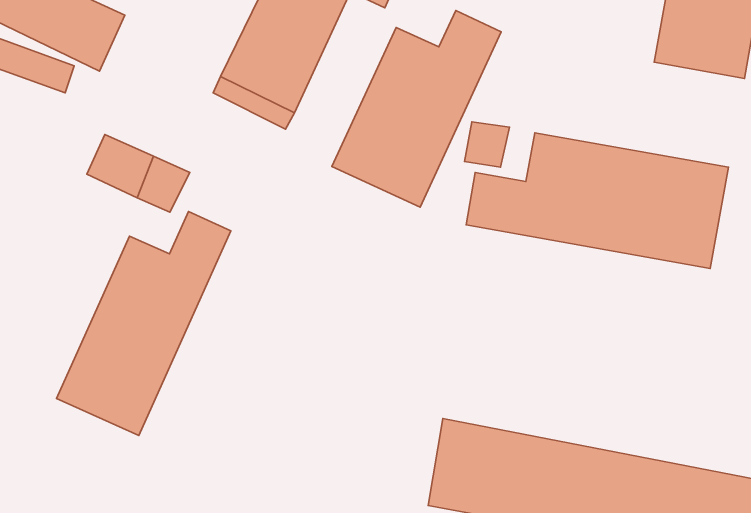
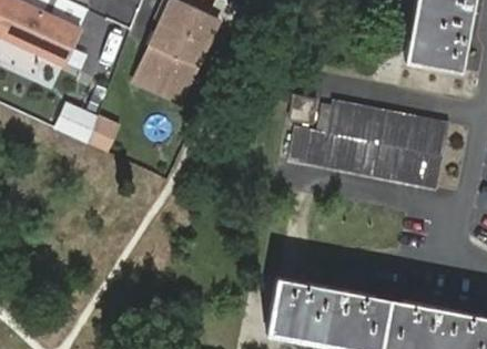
building: [332,10,501,207] -> none
building: [57,211,231,435] -> none

